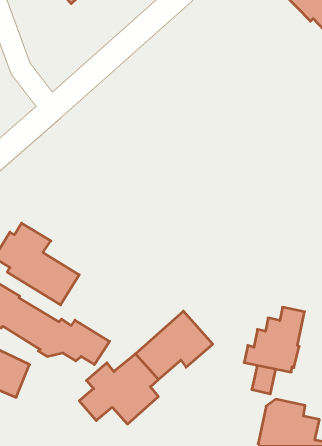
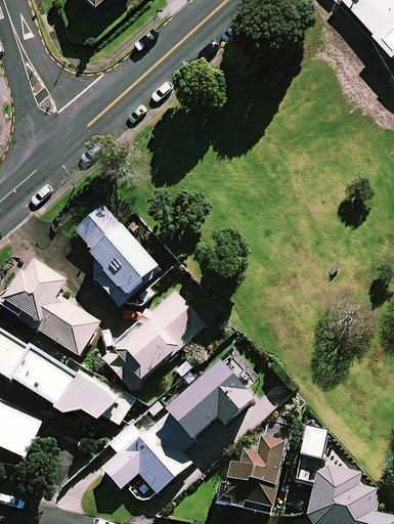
building: none -> [75,204,159,303]
building: none -> [101,289,206,389]
building: [244,307,305,372] -> [215,437,284,512]

